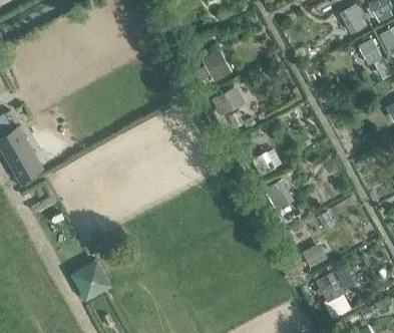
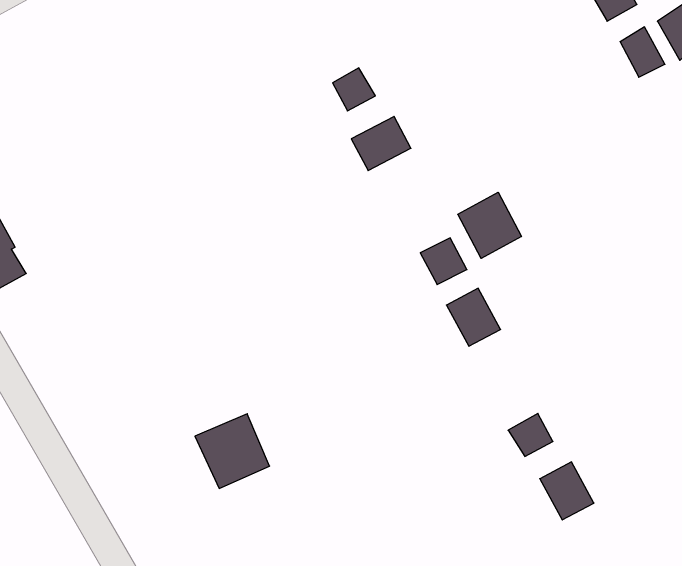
building: none -> [458,192,521,258]
building: [73,258,113,298] -> [195,414,270,488]

